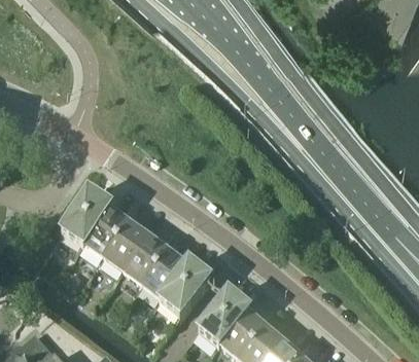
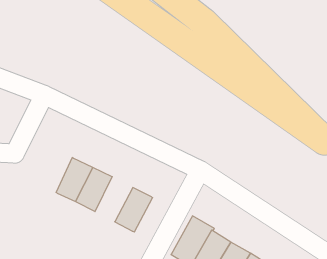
building: [62,189,111,244] -> none
building: [124,233,169,283] -> none
building: [160,260,210,315] -> none

